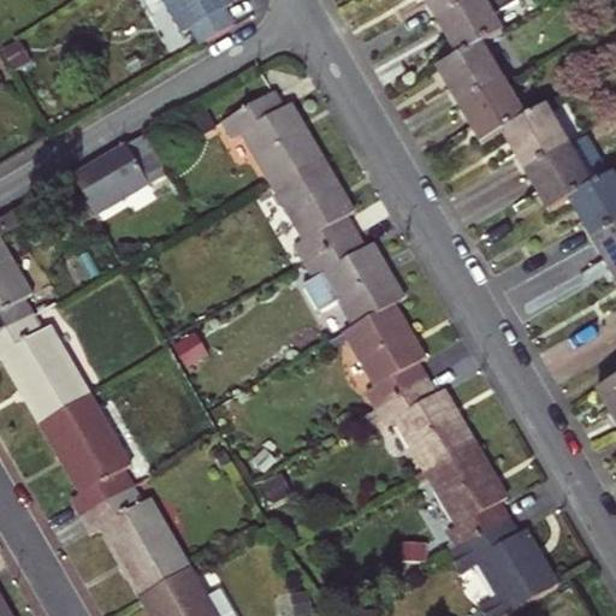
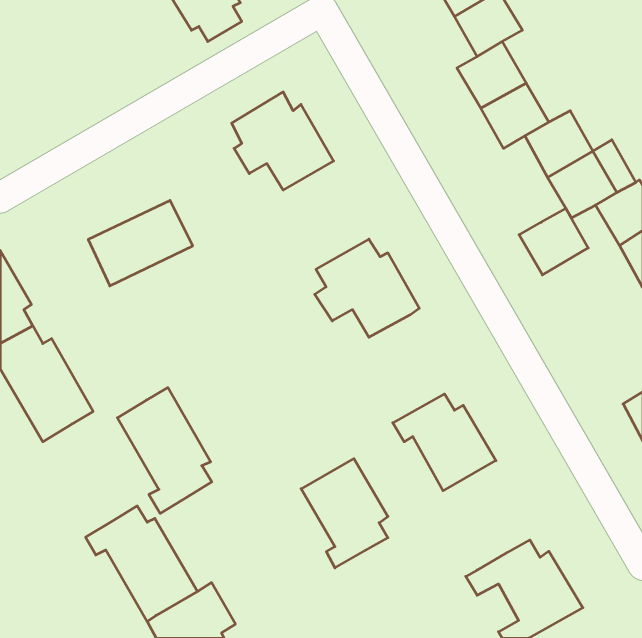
building: [73,131,173,213] -> [88,200,193,286]
building: [272,154,354,257] -> none
building: none -> [519,208,588,275]
building: [344,301,426,404] -> none
building: [42,393,132,514] -> [117,388,212,513]
building: [425,440,508,545] -> [301,459,388,568]

